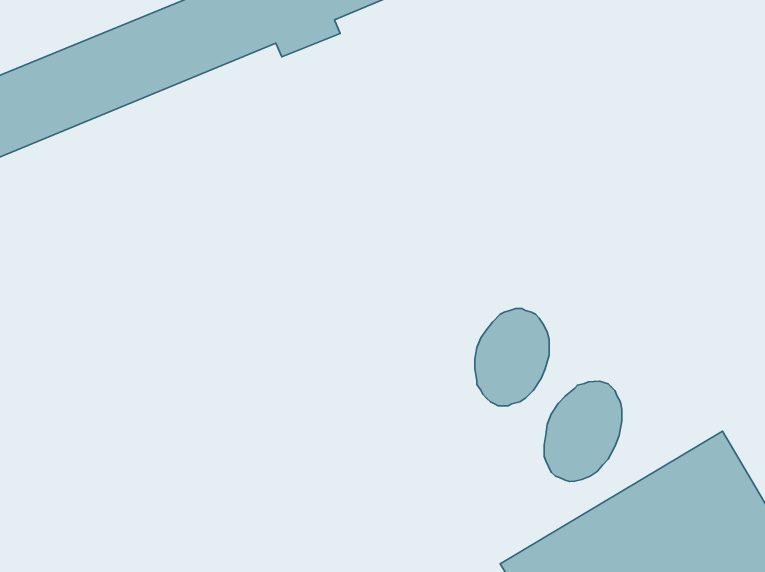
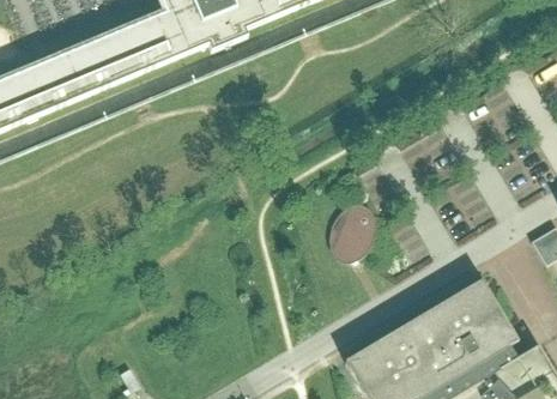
building: [544,381,622,481] -> none

